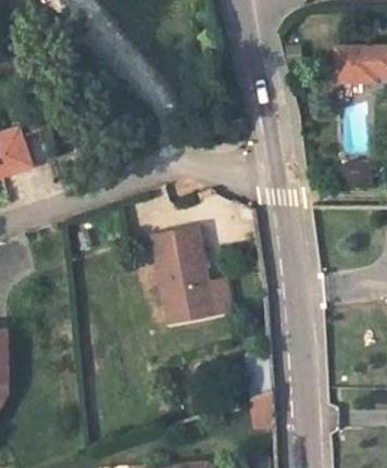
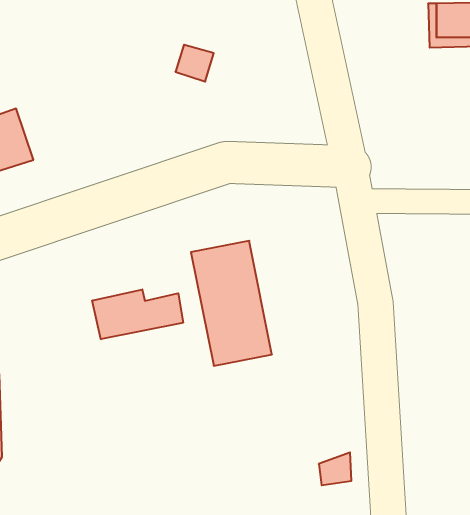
building: none -> [92,289,183,339]

